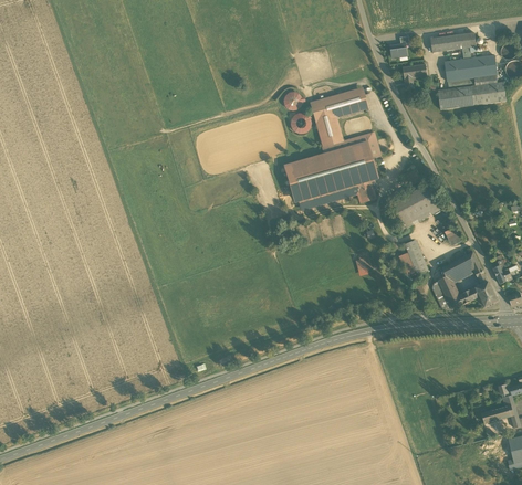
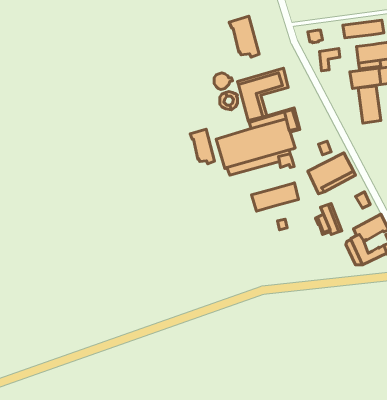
building: none -> [229,16,259,57]
building: none -> [358,86,381,123]
building: none -> [190,129,214,164]
building: none -> [251,183,299,211]

